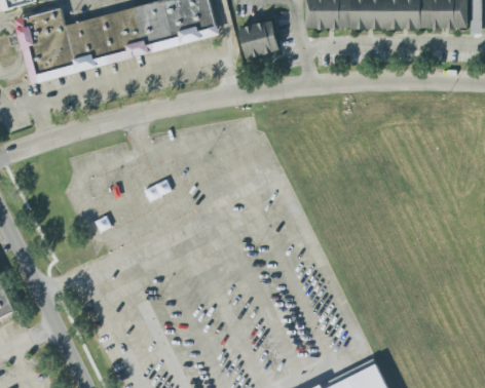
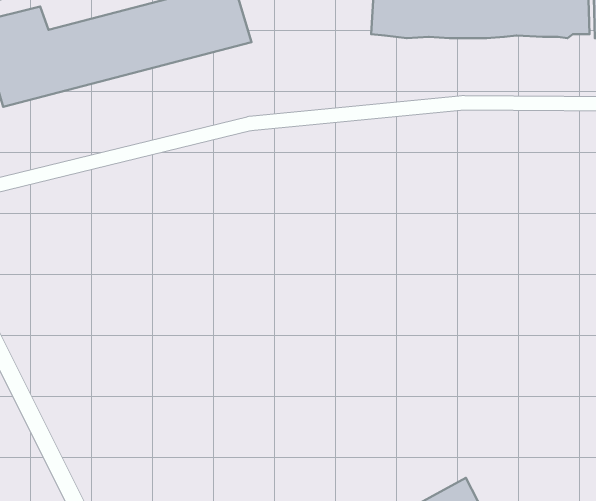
building: [242,20,282,55] -> none

